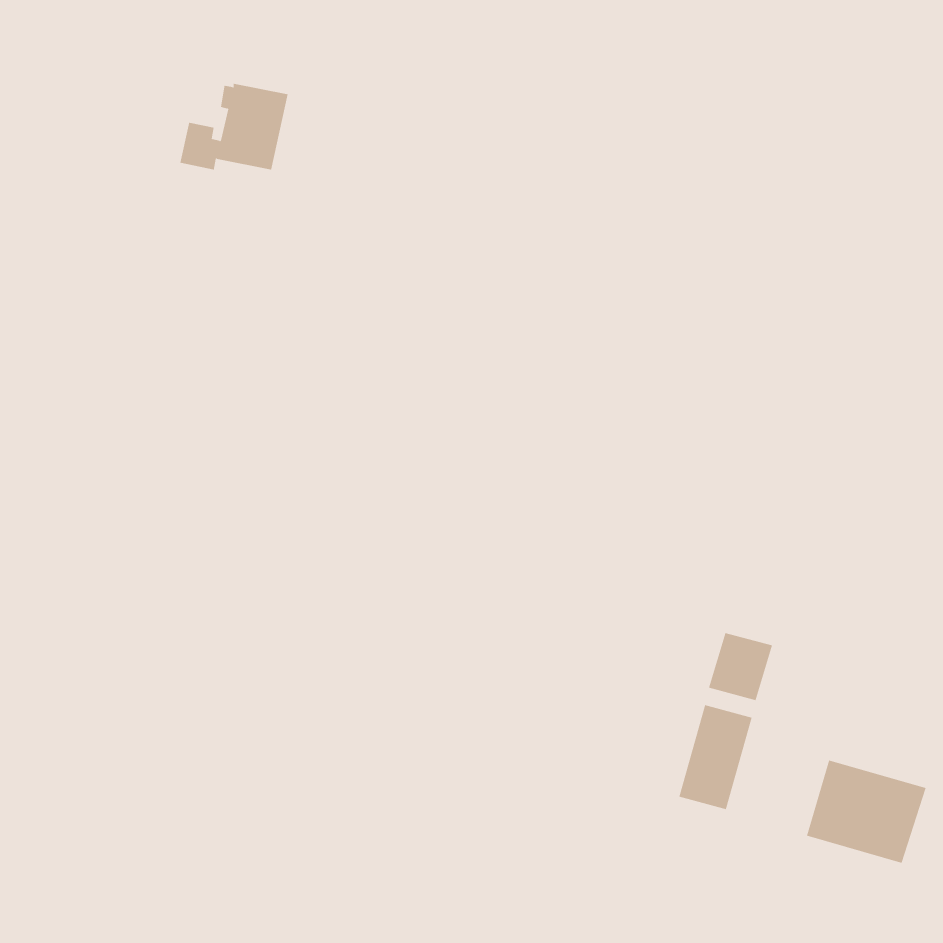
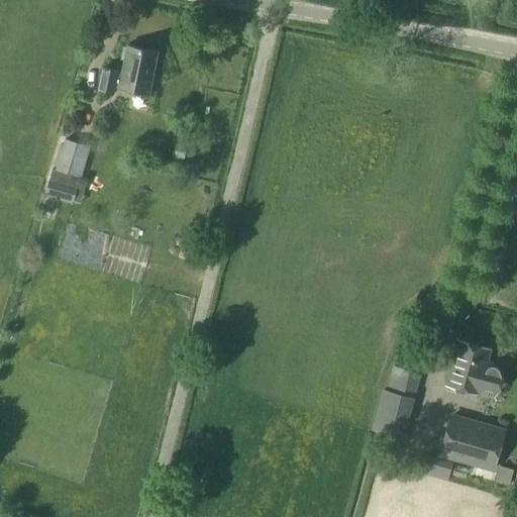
building: none -> [44,137,90,202]
building: none -> [447,341,502,398]

